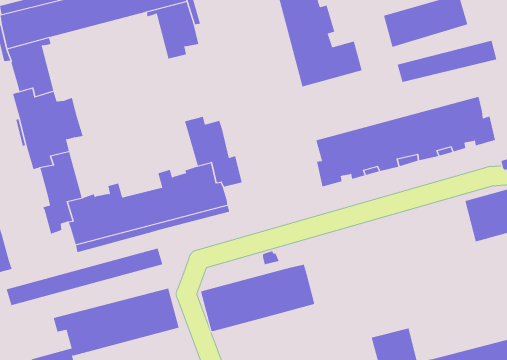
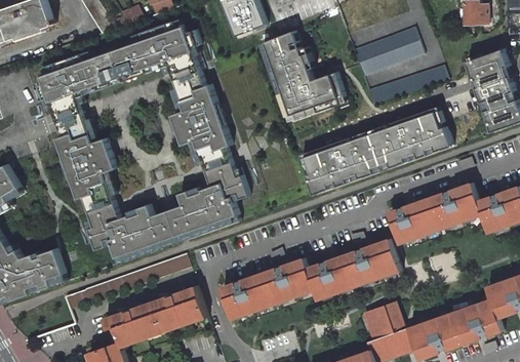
building: none -> [171,84,231,151]
building: none -> [388,197,441,244]
building: none -> [307,238,401,300]

